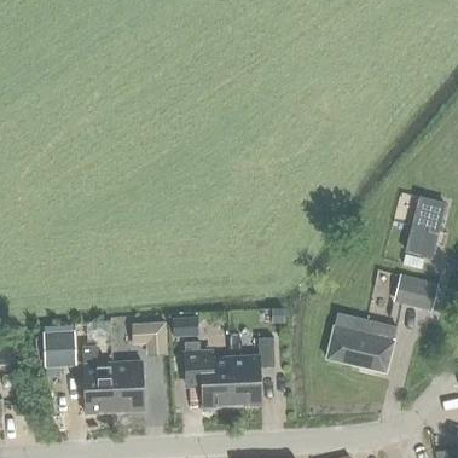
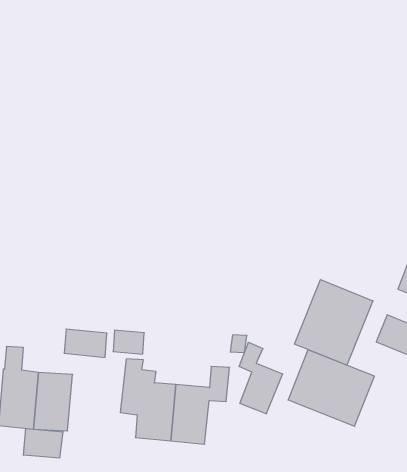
building: none -> [294,280,373,365]
building: none -> [239,342,283,414]
building: none -> [23,428,63,458]

